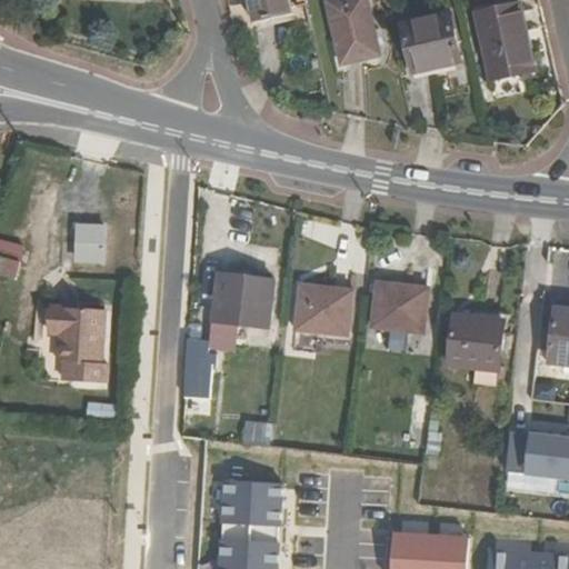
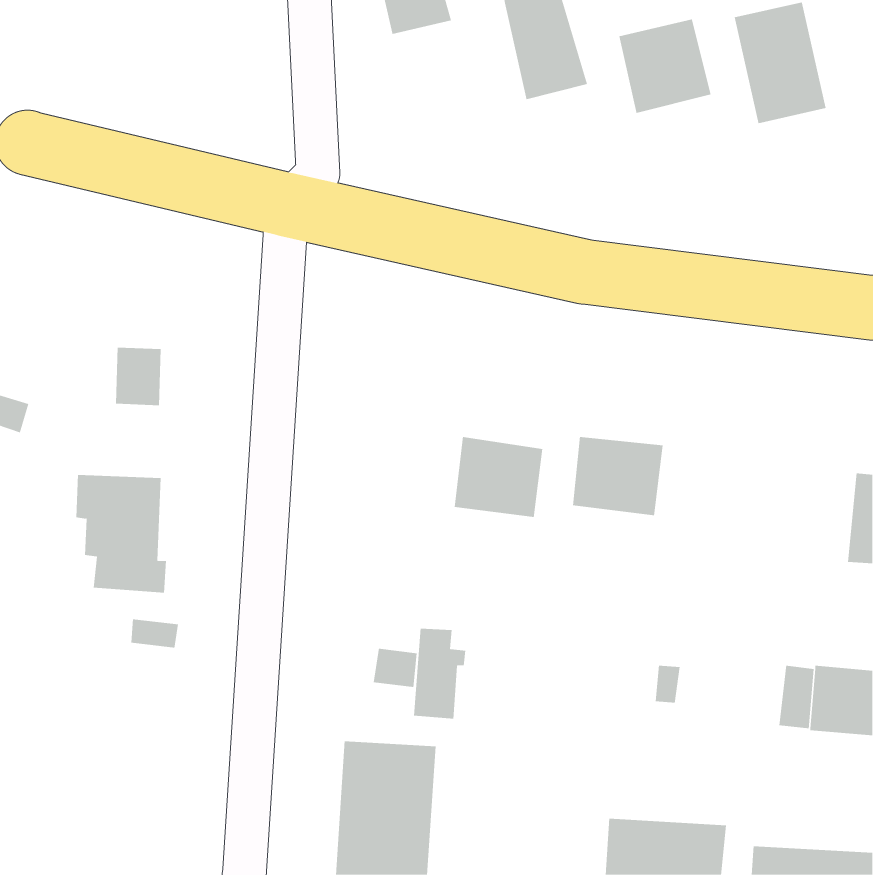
building: [211,272,273,327] -> none
building: [447,312,505,371] -> none
building: [182,338,217,397] -> [413,628,466,719]

